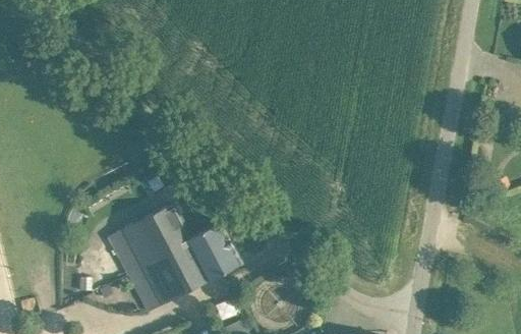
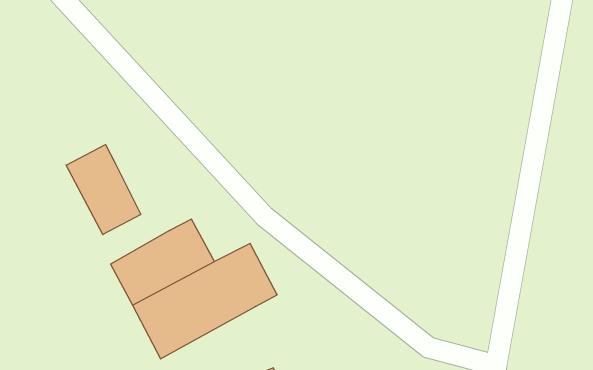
building: none -> [66,145,141,235]

